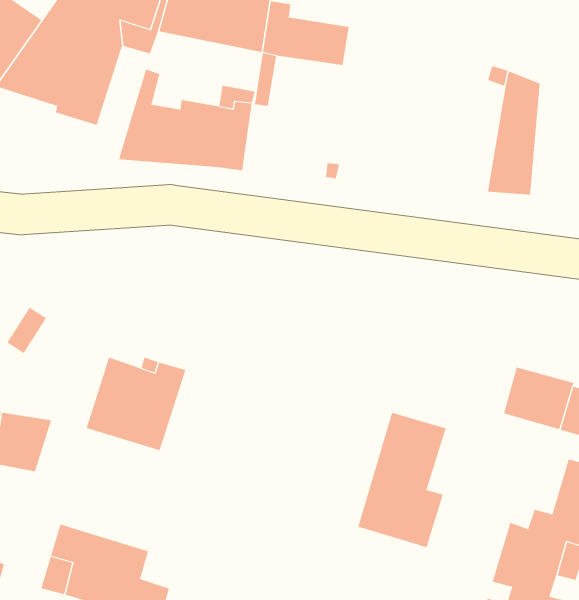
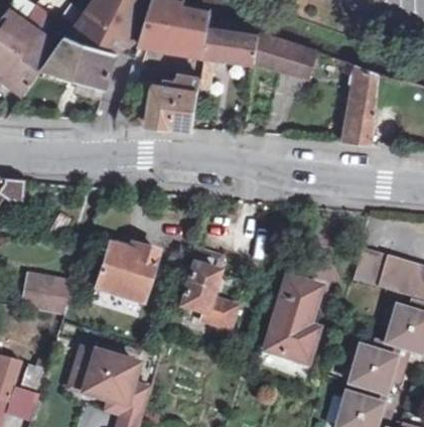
building: none -> [255,32,316,77]
building: none -> [181,247,236,327]

